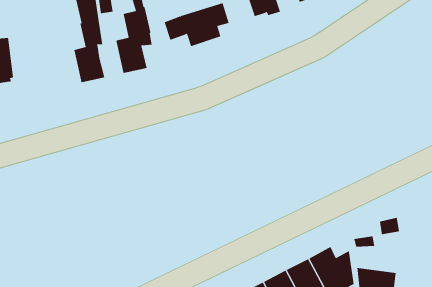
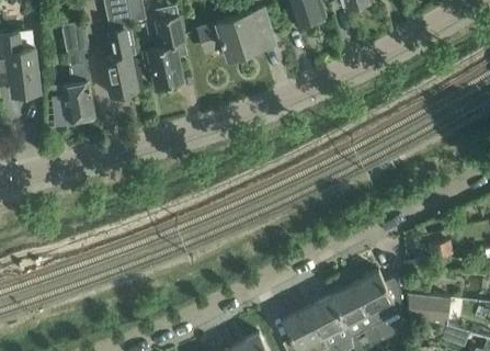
building: none -> [46,23,94,123]

